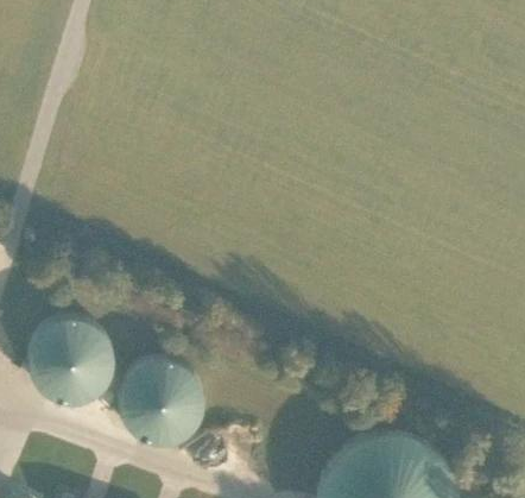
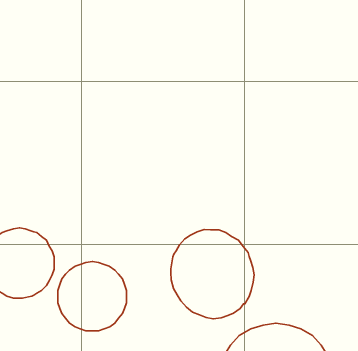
building: none -> [171,229,254,319]

